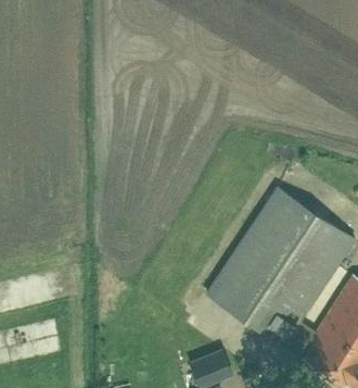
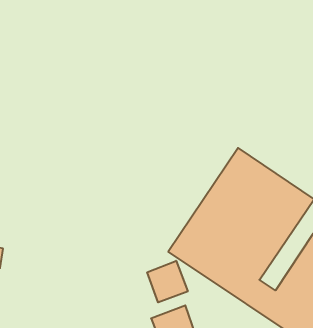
building: none -> [147,261,188,302]

